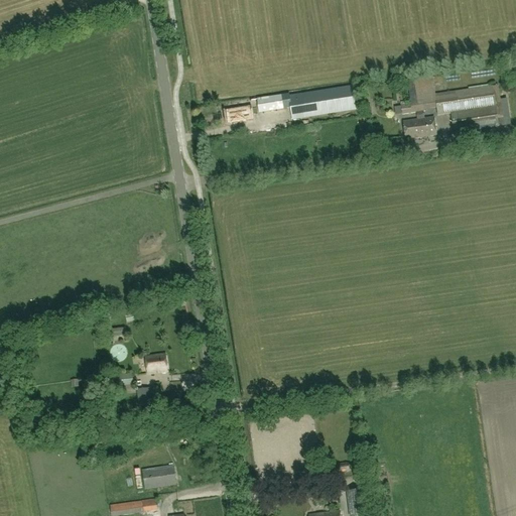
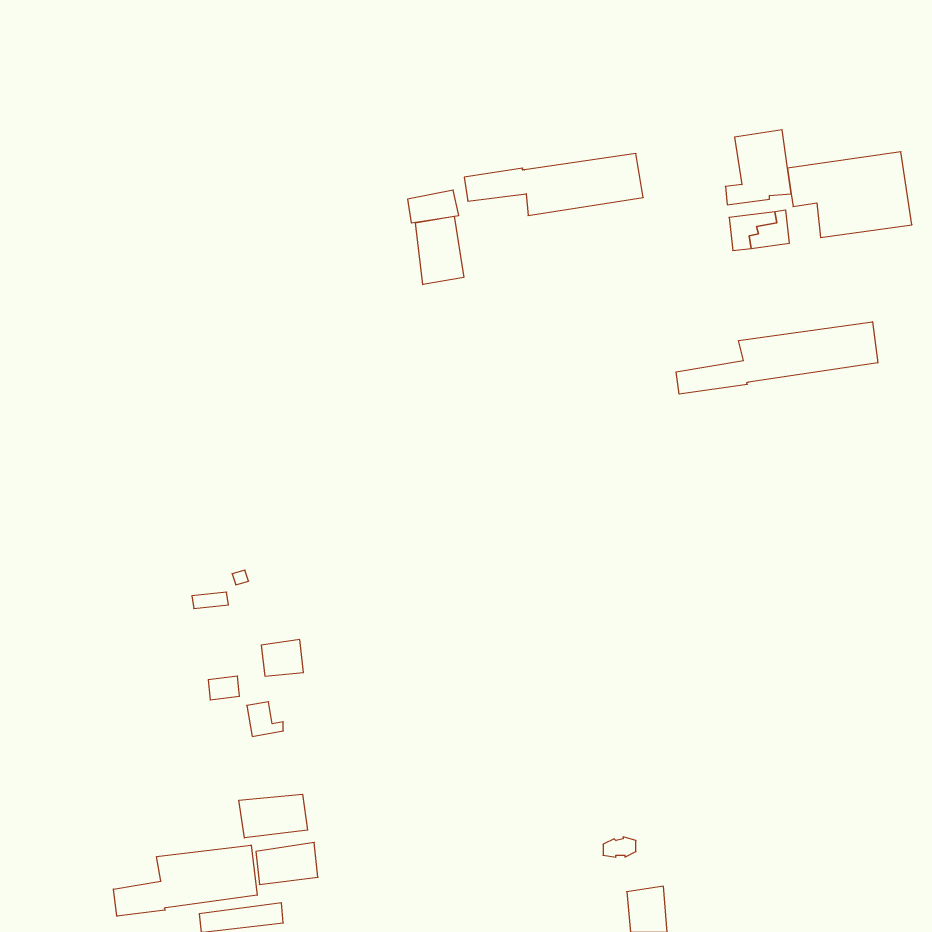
building: none -> [415,216,464,285]
building: none -> [676,322,878,394]
building: none -> [239,794,308,838]
building: none -> [113,845,257,916]

